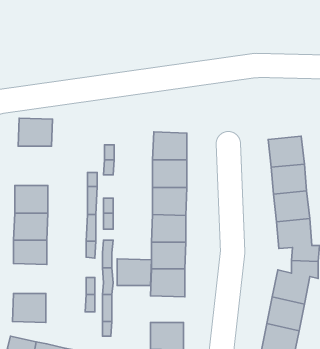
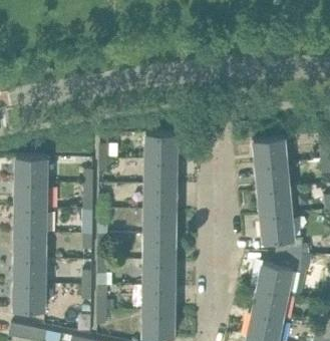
building: [18,118,52,146] -> [15,158,47,185]
building: [117,259,152,285] -> [142,288,175,313]
building: none -> [14,258,45,286]

